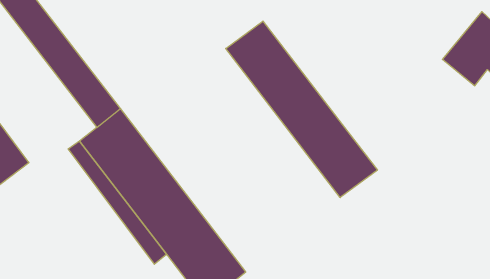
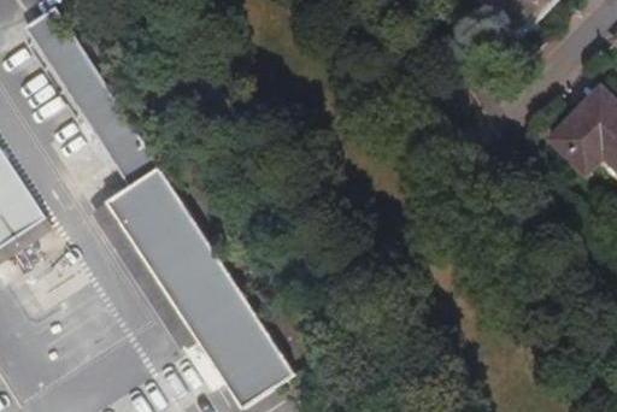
building: [226,21,377,198] -> none

